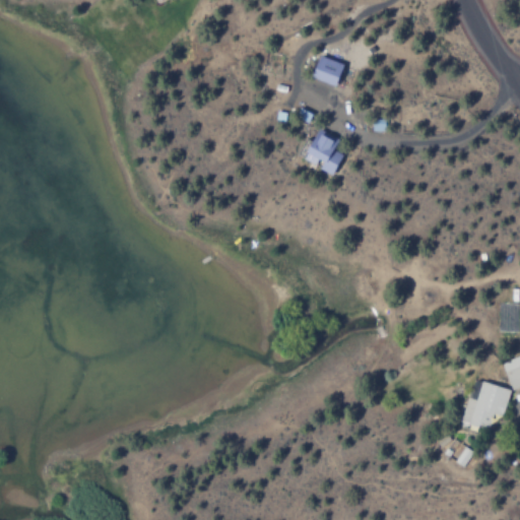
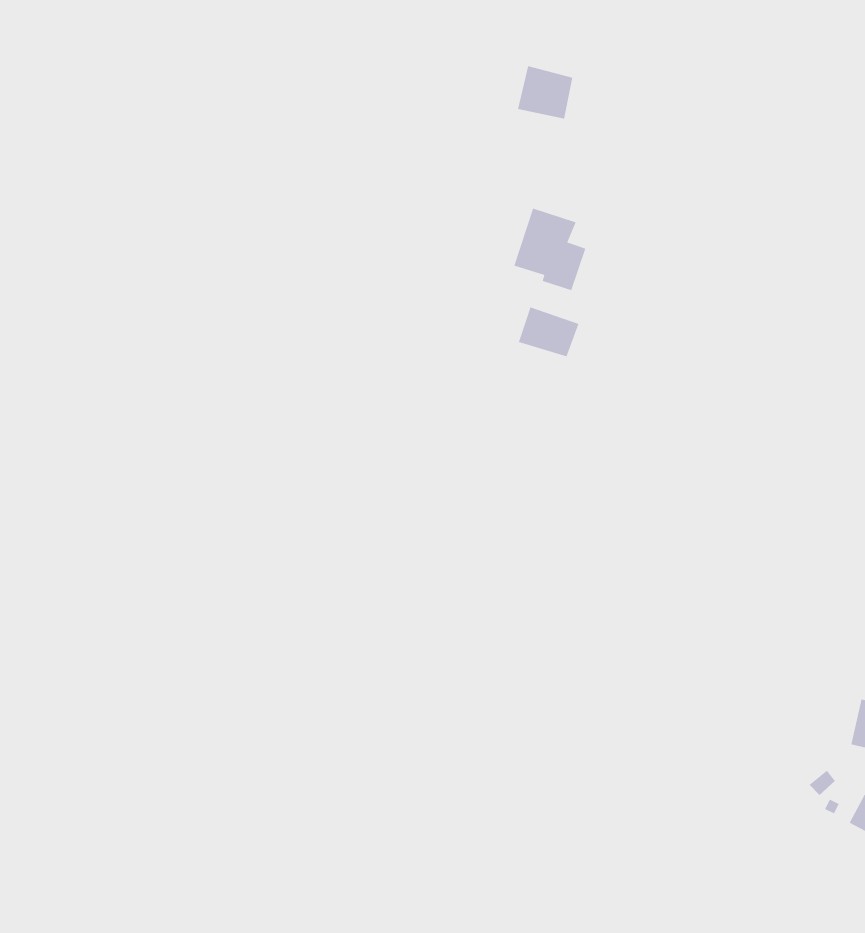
building: none -> [518,306,579,357]

